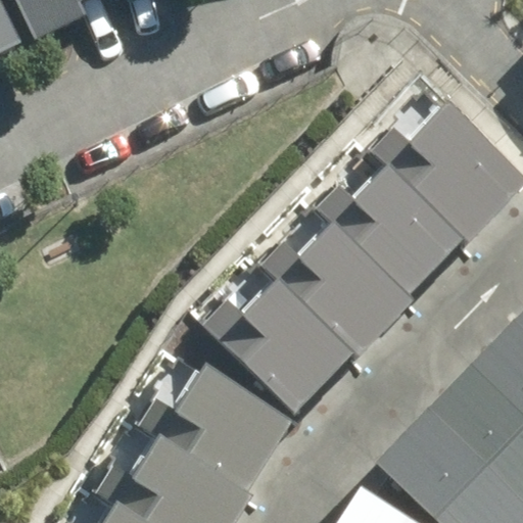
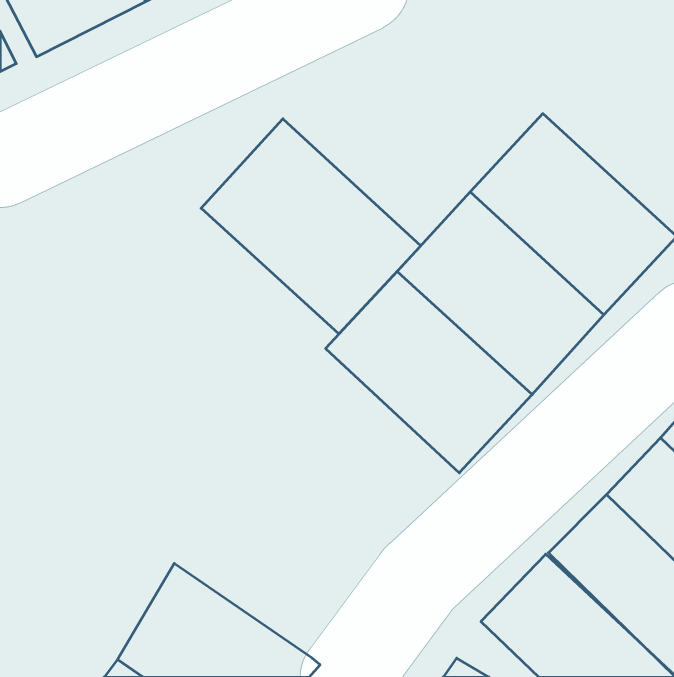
building: none -> [201,119,421,334]
building: [203,264,360,416] -> none
building: [144,360,295,497] -> none

